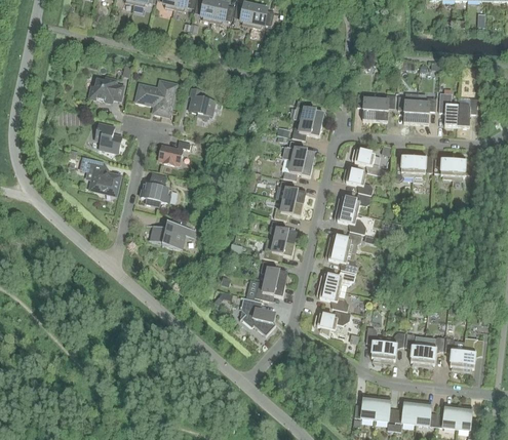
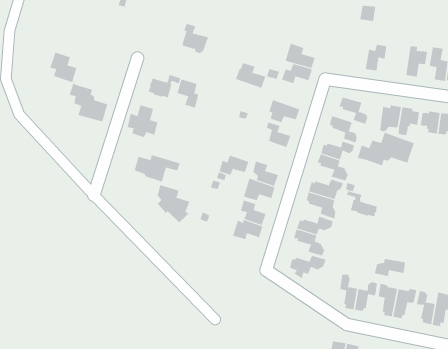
building: [89,77,123,102] -> none
building: [136,80,177,115] -> none
building: [397,91,418,122] -> none
building: [357,92,377,120] -> none
building: [94,122,122,152] -> [50,52,77,83]
building: [284,139,315,164] -> [235,62,266,89]
building: none -> [177,78,199,108]
building: none -> [357,132,415,166]
building: [274,199,304,219] -> [219,155,250,175]
building: none -> [346,191,377,217]
building: [240,296,276,334] -> [155,184,190,223]
building: none -> [374,258,406,277]

